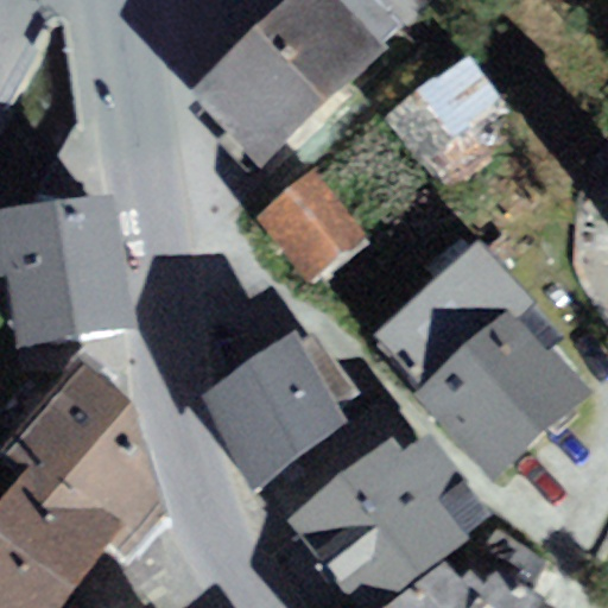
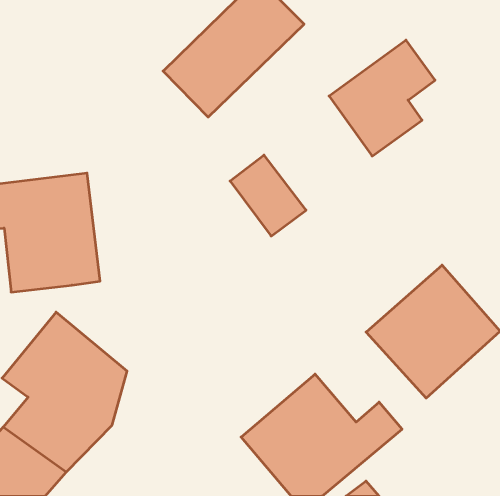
building: [379,239,539,394] -> none
building: [197,340,343,481] -> none

